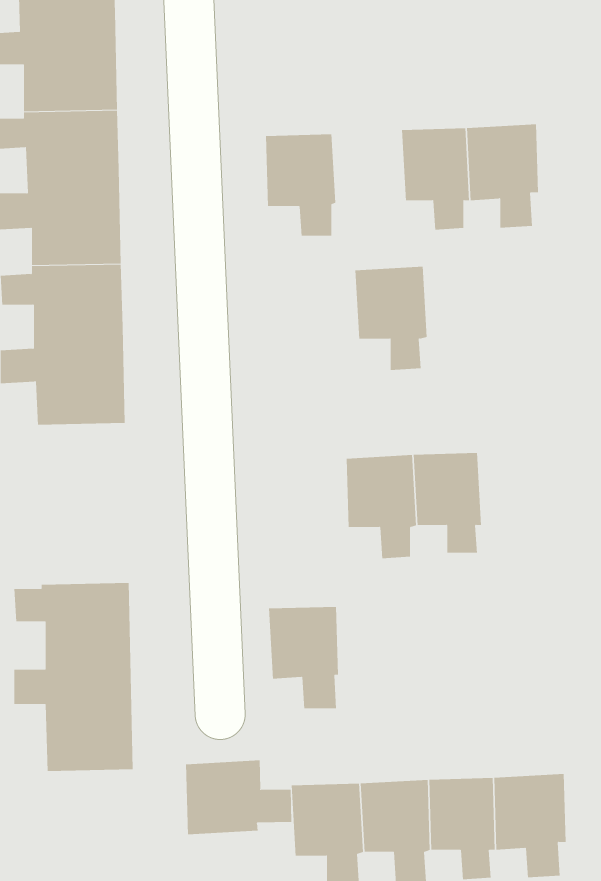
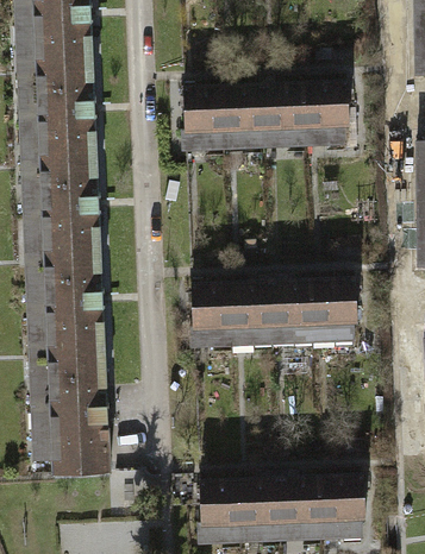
building: [355,266,427,371] -> [223,86,267,149]
building: none -> [27,263,100,360]
building: none -> [311,278,356,341]
building: [268,606,339,709] -> [189,284,232,346]
building: [186,760,292,835] -> none

